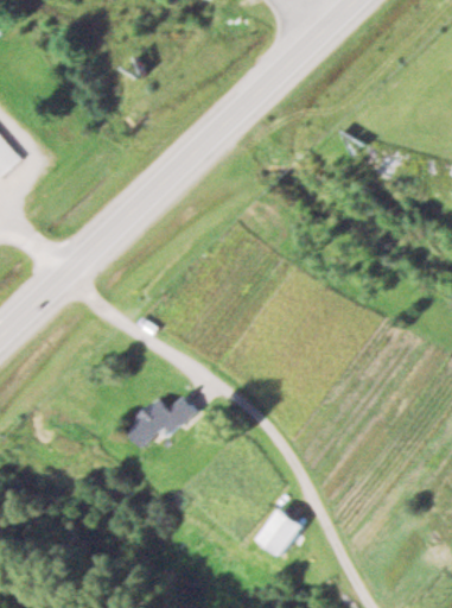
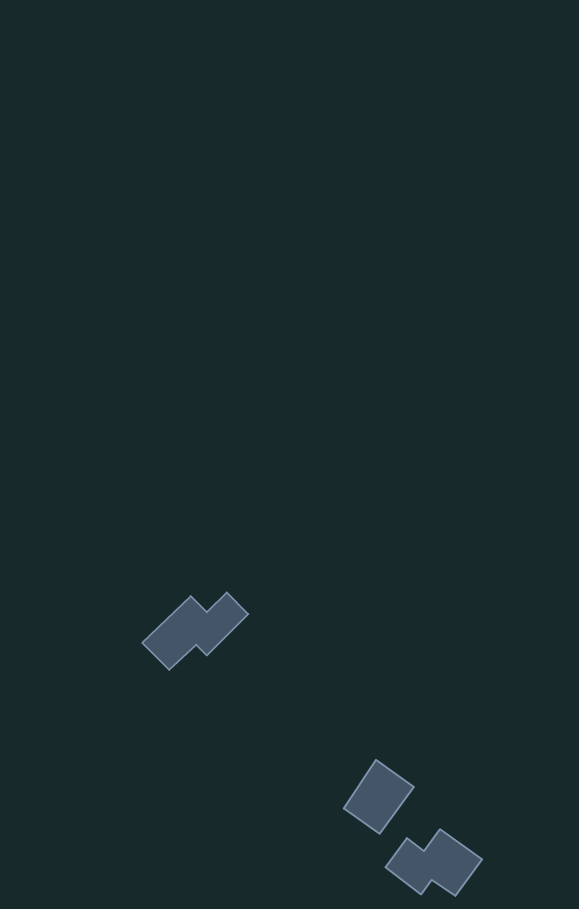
building: none -> [385,829,482,896]

